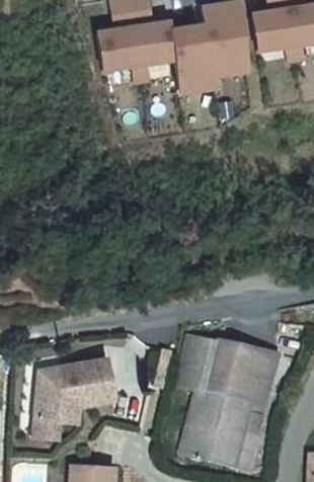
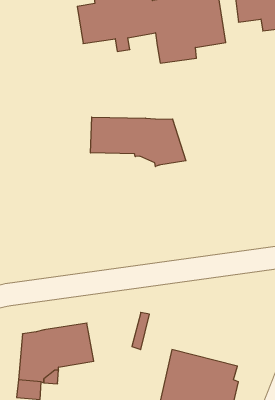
building: none -> [91,117,186,167]
building: [176,335,276,406] -> none

